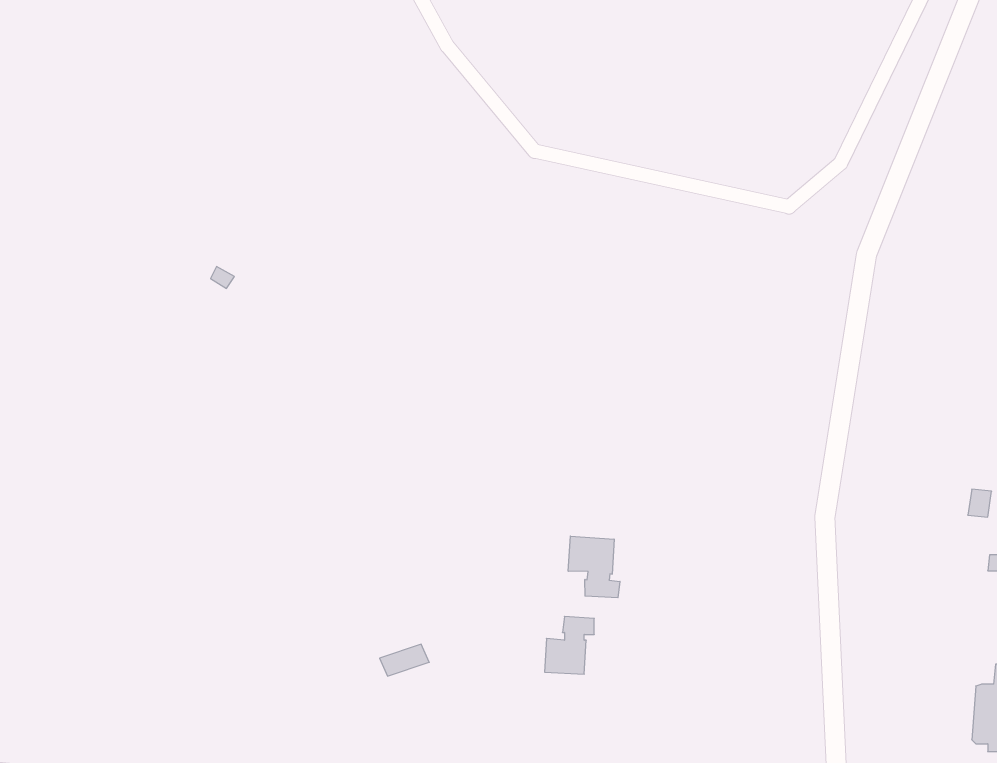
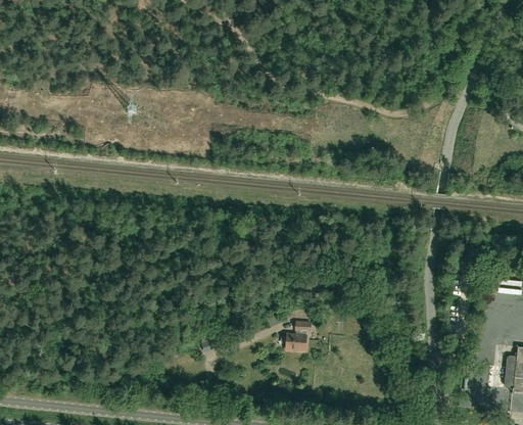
building: [568,536,620,598] -> none

